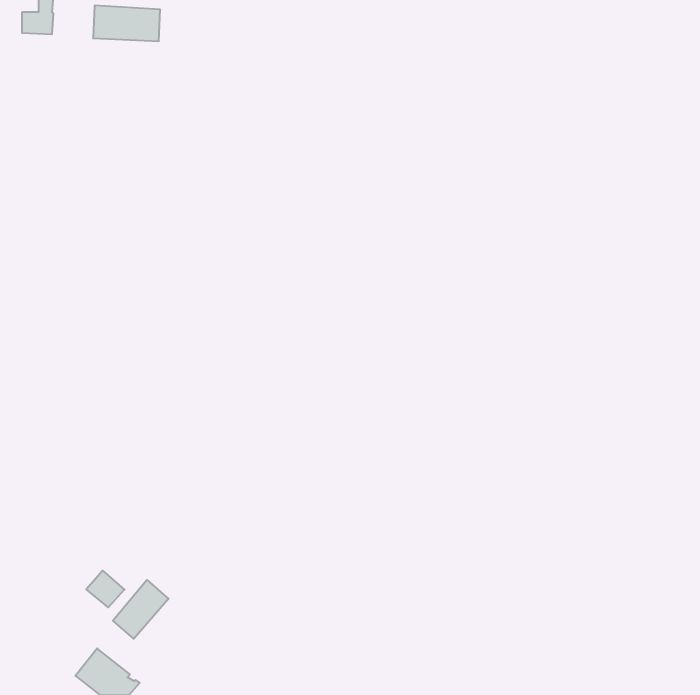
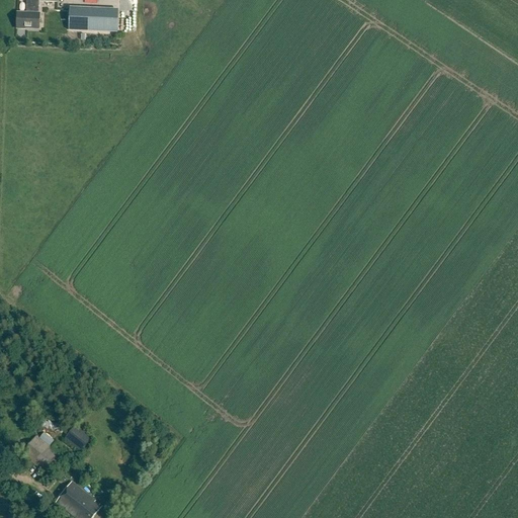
building: [113,580,169,639] -> none
building: none -> [21,433,59,469]

